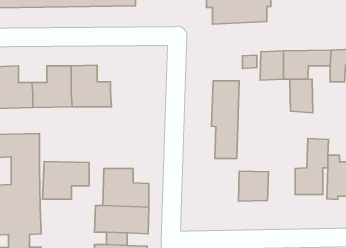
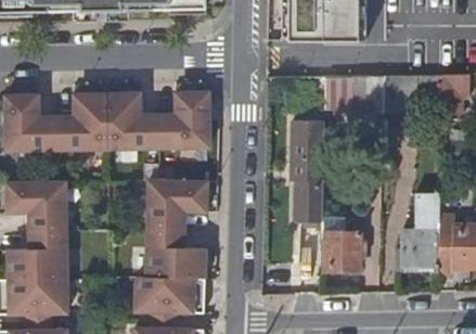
building: none -> [156,93,208,149]
building: [290,79,313,113] -> none
building: [42,162,89,199] -> [147,180,208,229]

